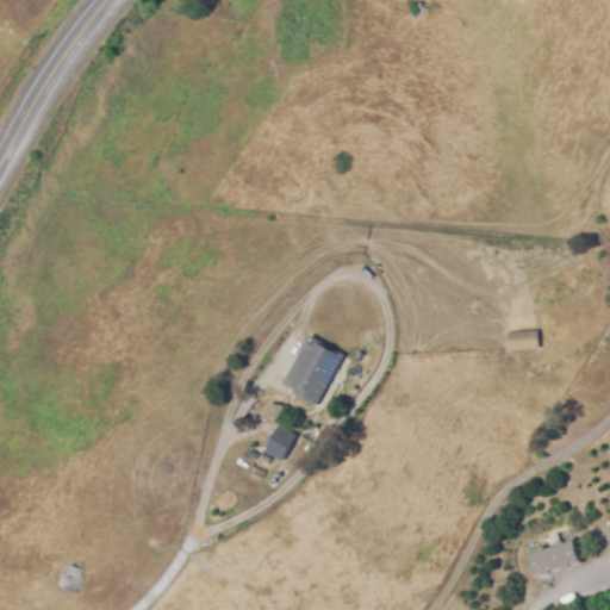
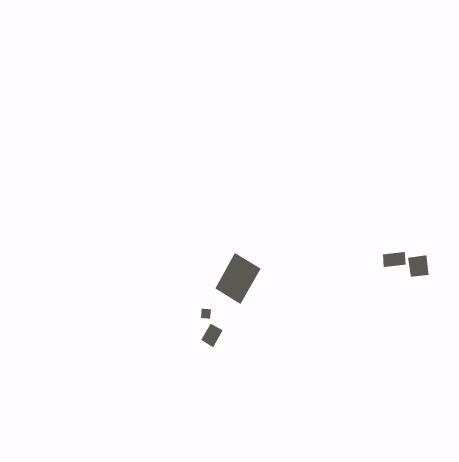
building: none -> [407,254,429,277]
building: [521,539,577,580] -> none

